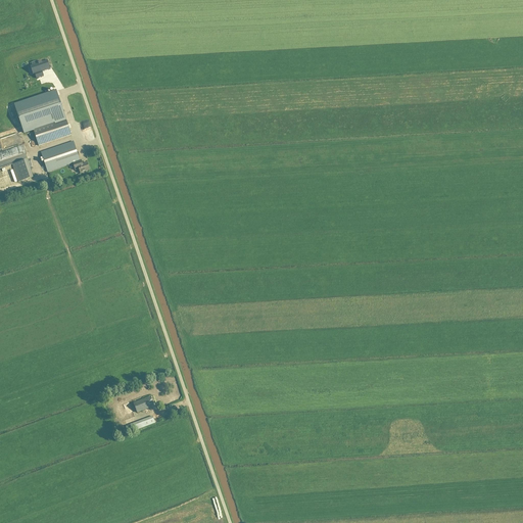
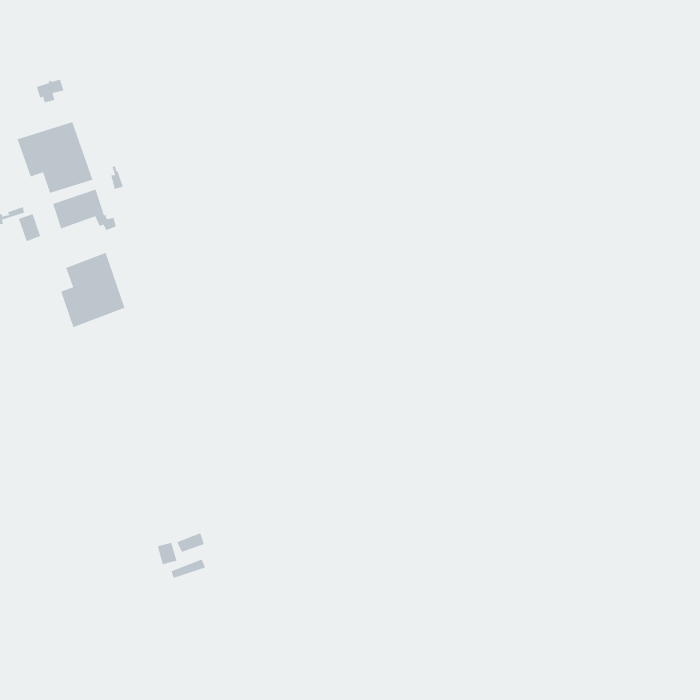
building: none -> [60,252,125,328]

